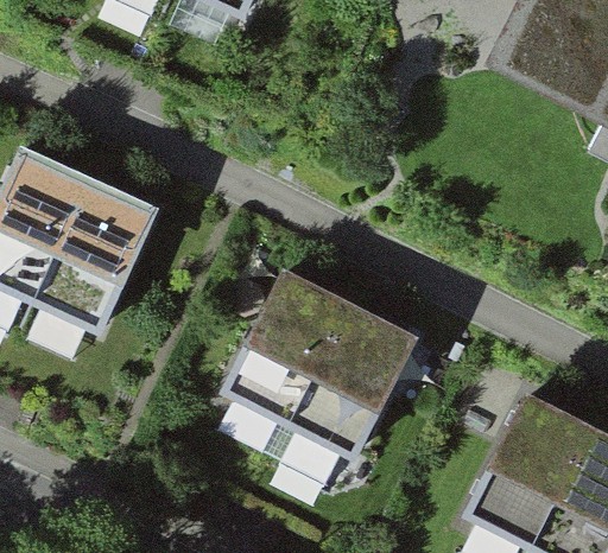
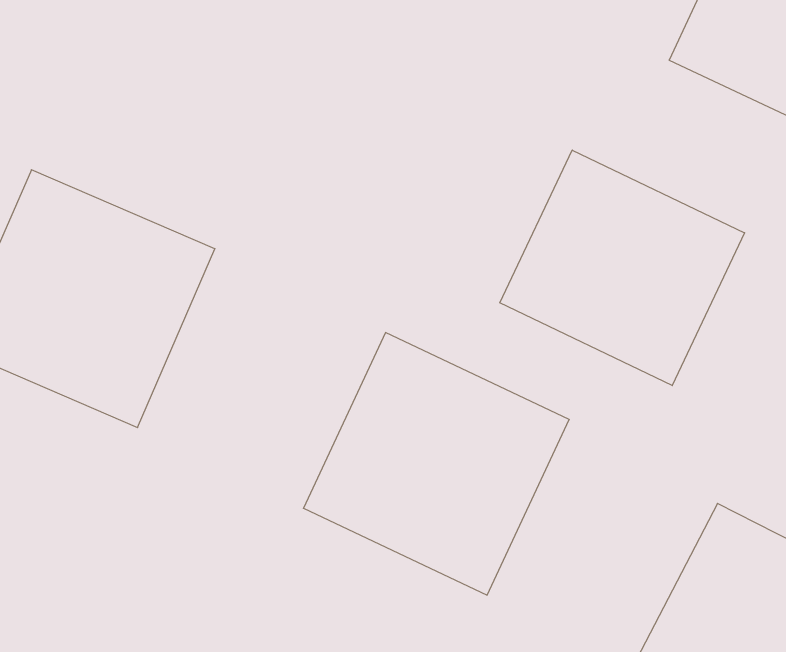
building: none -> [500,150,745,386]

